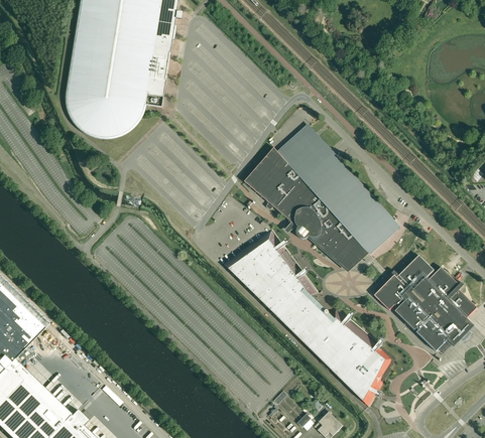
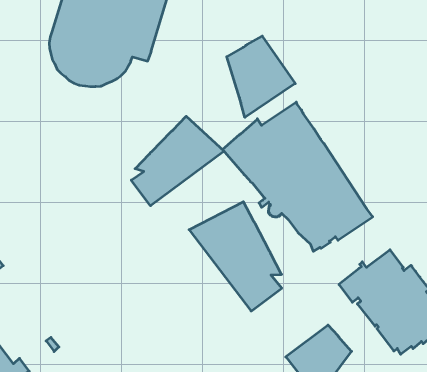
building: none -> [227,36,295,117]
building: none -> [131,116,224,206]
building: [293,306,369,372] -> none

